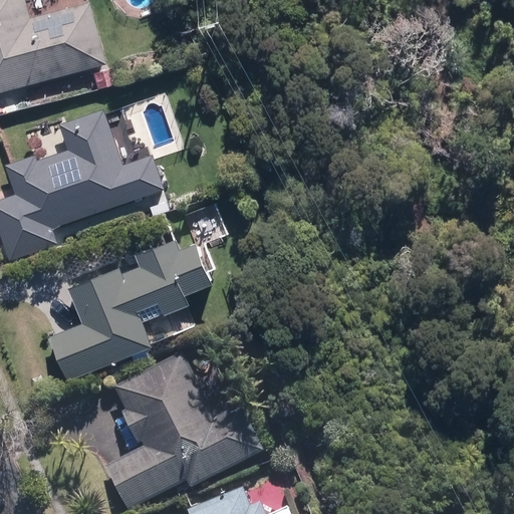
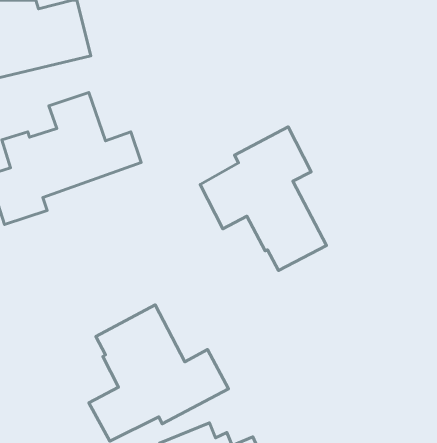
building: none -> [200,127,326,271]
building: [50,211,225,378] -> none

